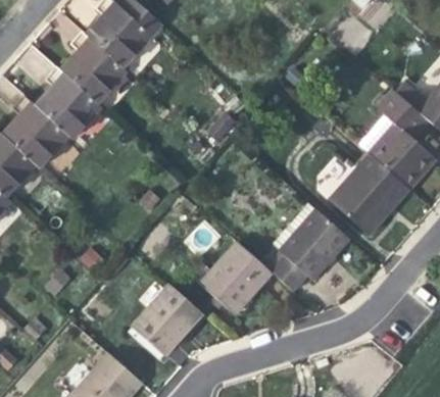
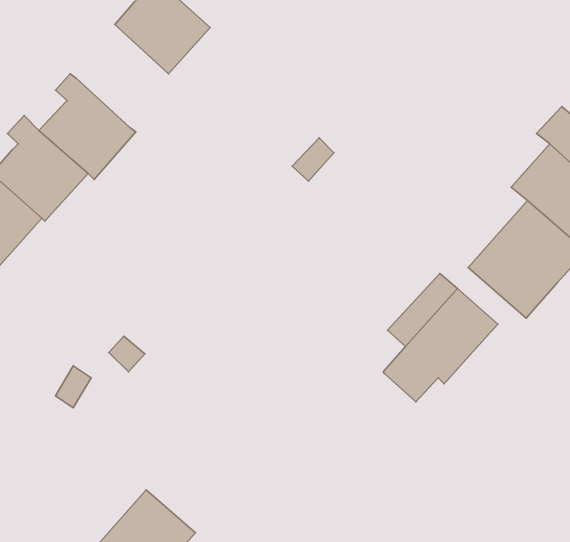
building: [60,31,127,104] -> none
building: [199,242,272,314] -> none
building: [132,284,203,355] -> none

